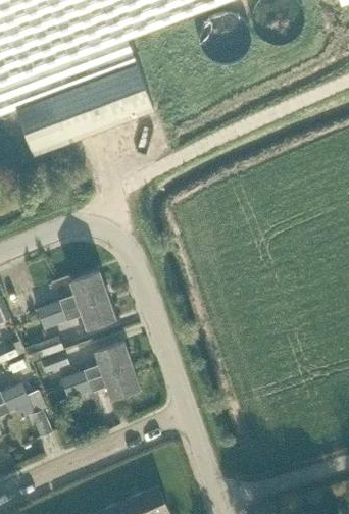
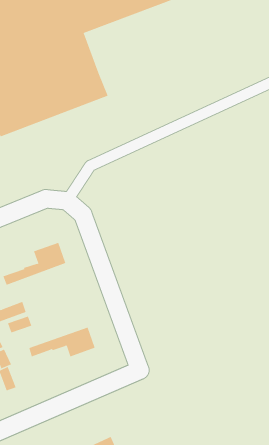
building: [39,294,113,327] -> none
building: [59,341,130,388] -> none

